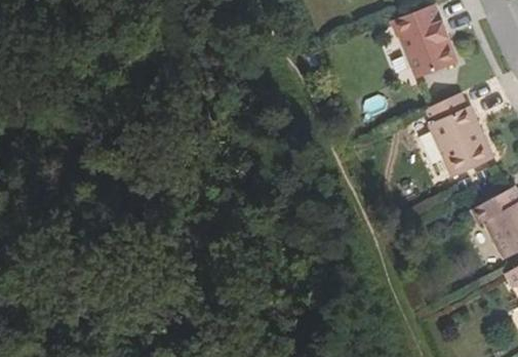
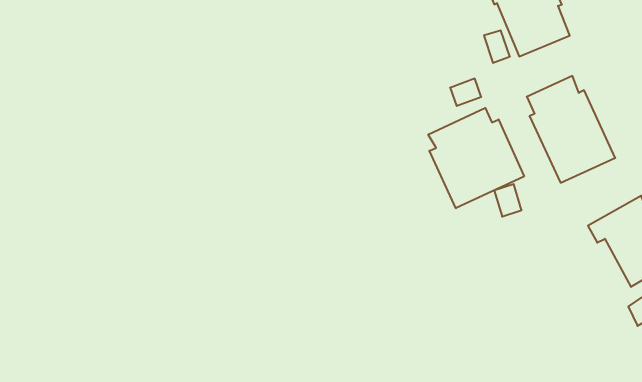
building: none -> [428,108,524,208]

